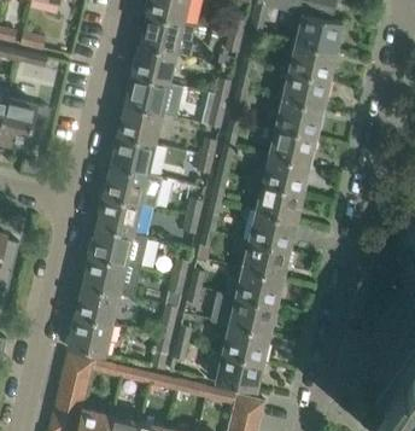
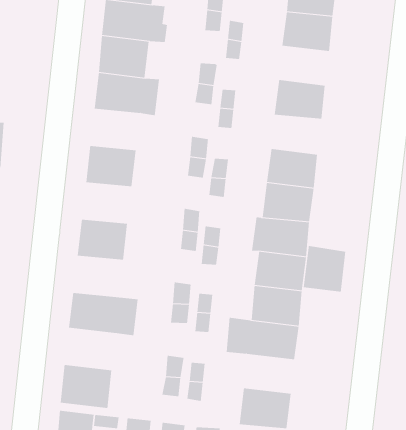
building: [282,72,328,110] -> none
building: [118,106,164,145] -> none
building: [269,129,315,167] -> none
building: [104,167,150,205] -> none
building: [89,227,151,269] -> none
building: none -> [303,245,346,292]
building: [75,286,122,326] -> none
building: [222,326,268,363] -> none

